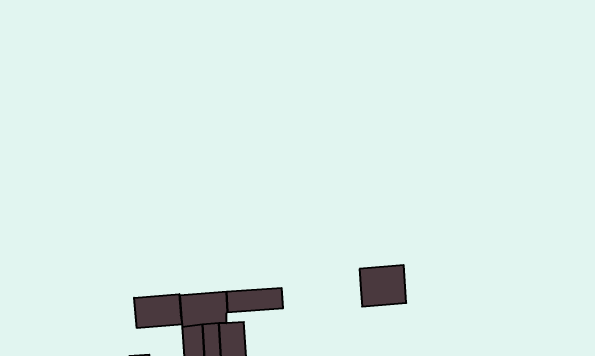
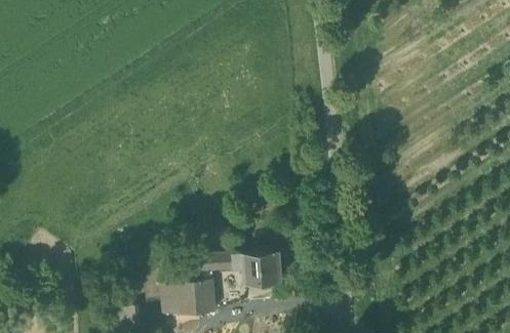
building: [360,265,406,307] -> [252,251,290,285]
building: [134,294,182,328] -> none

